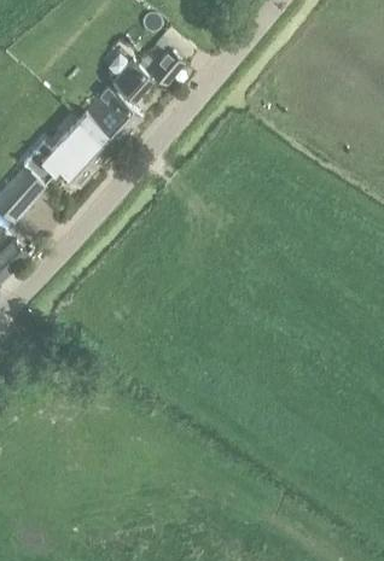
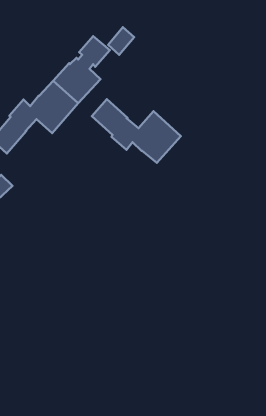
building: none -> [92,99,181,163]

